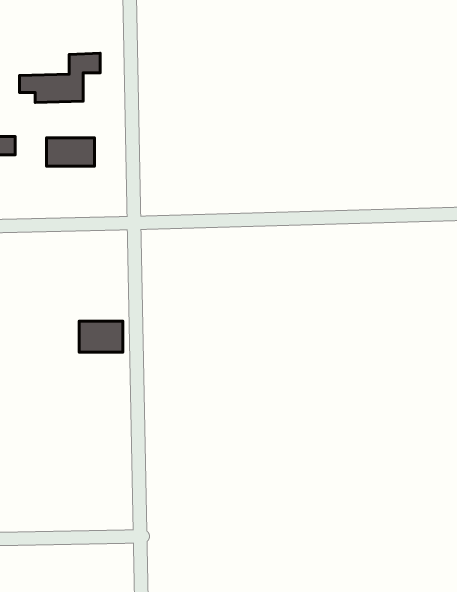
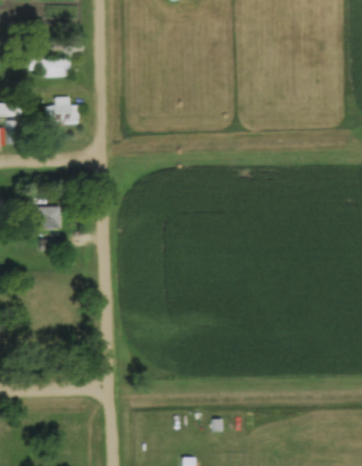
building: [79,321,123,352] -> [31,205,63,228]

